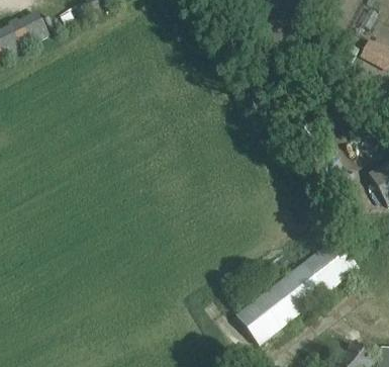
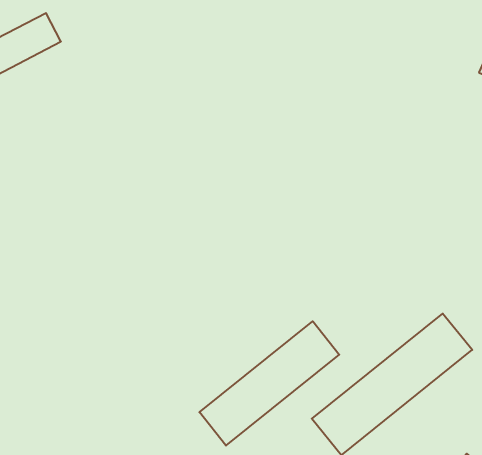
building: none -> [199,321,339,446]

